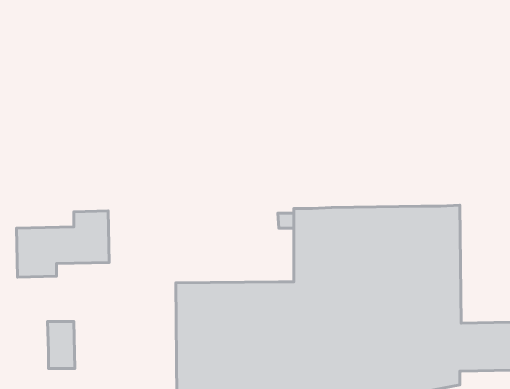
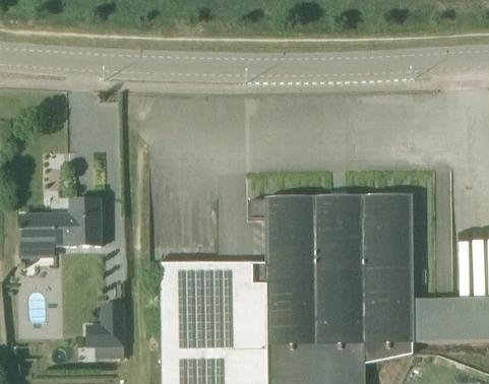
building: [47,321,75,368] -> [100,303,124,344]

